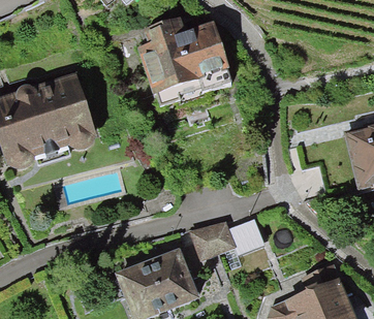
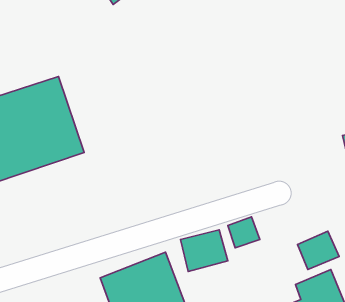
building: [138,25,235,121] -> none
building: none -> [297,231,339,270]

